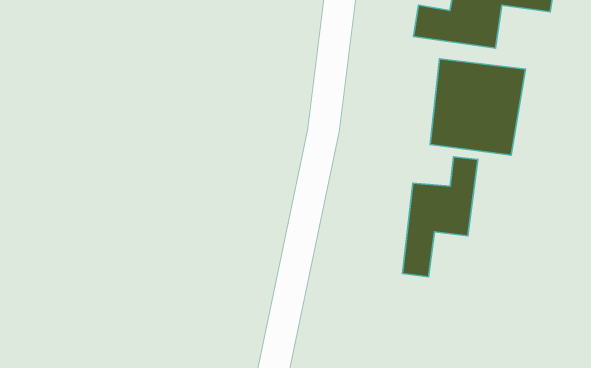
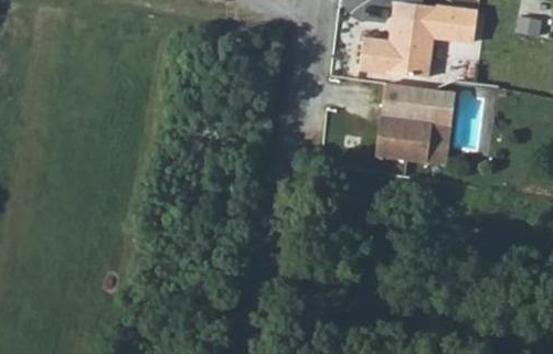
building: [402,157,478,277] -> none

